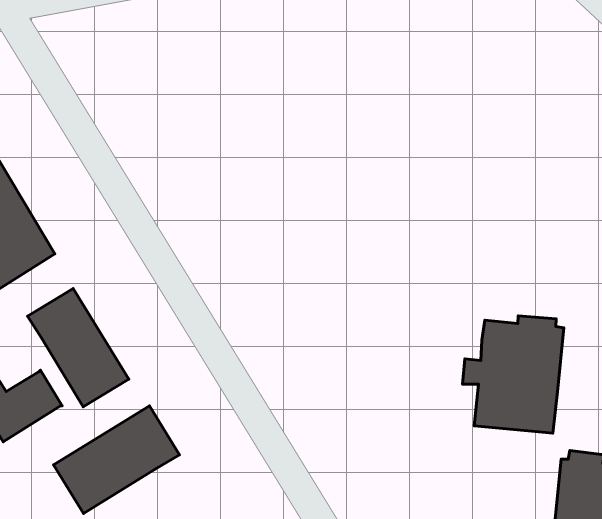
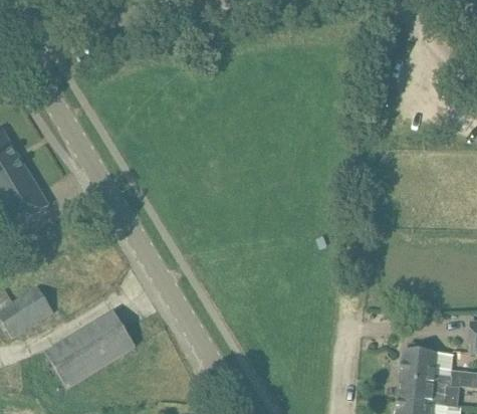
building: [28,288,129,407] -> none
building: [463,316,564,433] -> none

